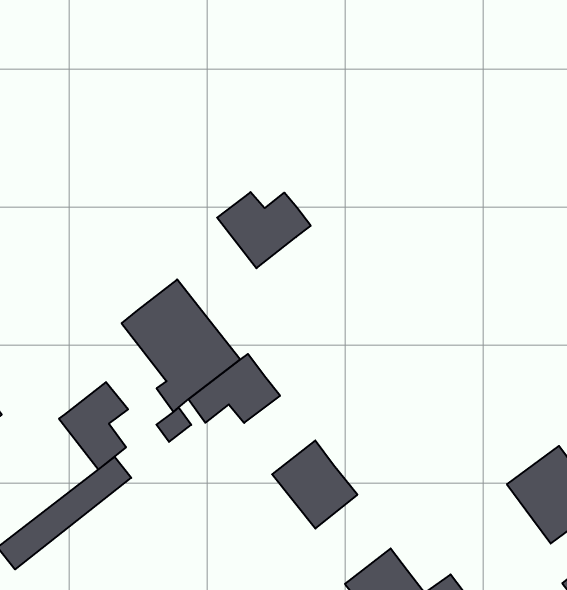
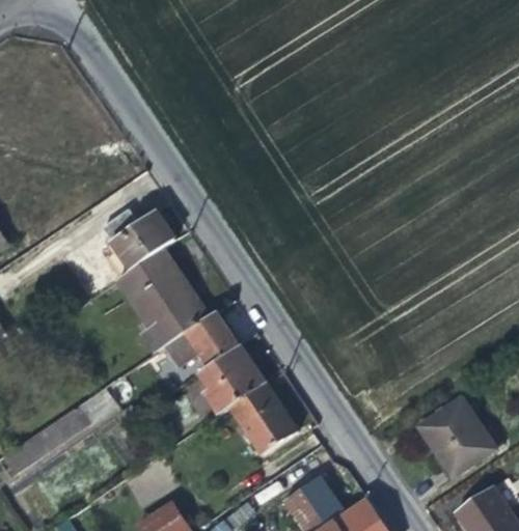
building: [217,192,311,268] -> [102,212,176,273]
building: [59,382,128,470] -> none
building: none -> [199,348,267,418]

